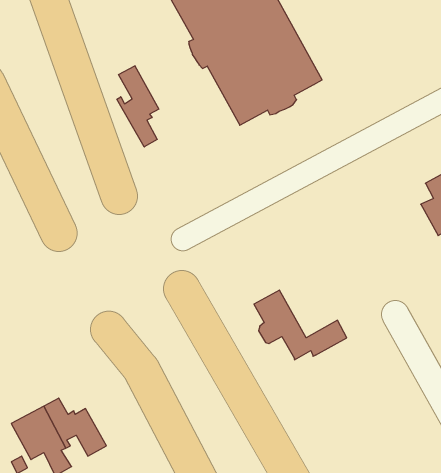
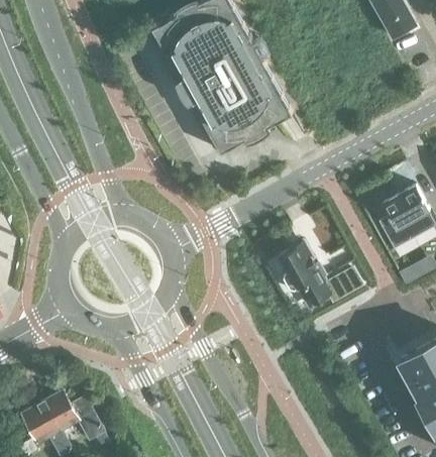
building: [117,66,159,147] -> none
building: [254,290,347,360] -> [280,244,360,305]

